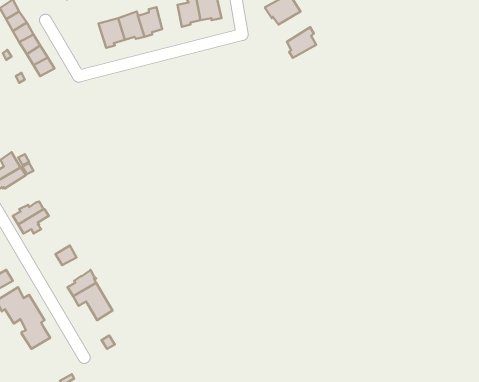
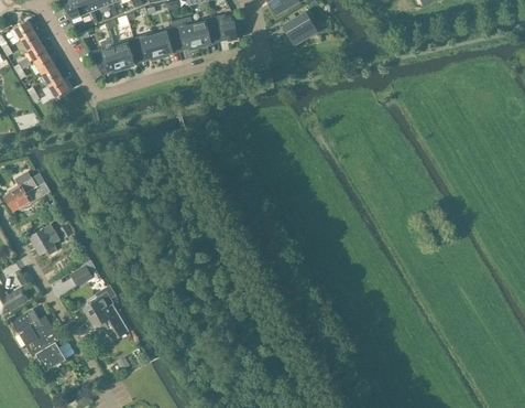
building: none -> [172,24,197,49]
building: none -> [89,46,121,72]
building: [287,27,316,58] -> none

